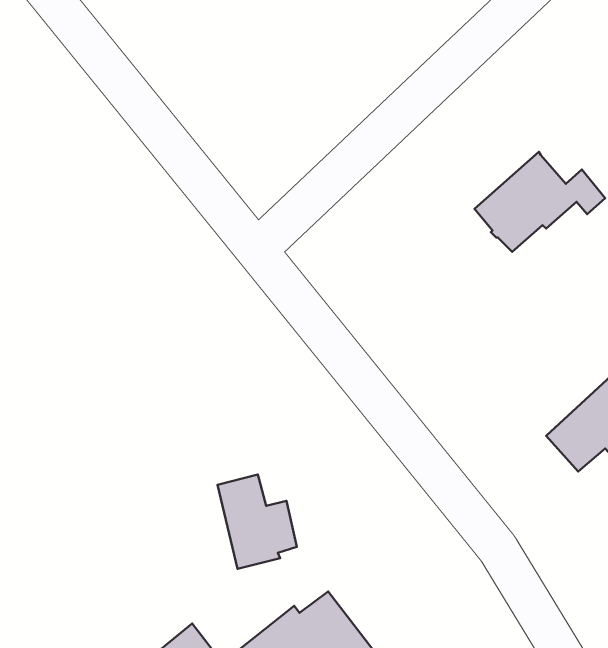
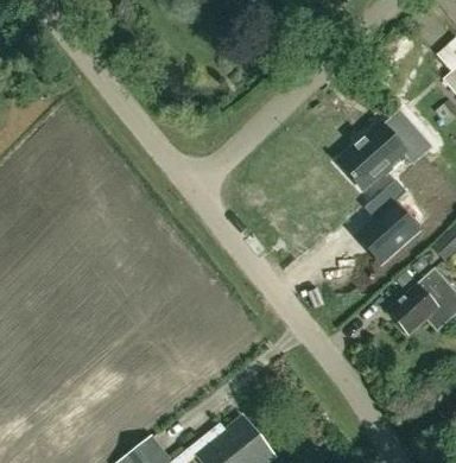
building: none -> [356,177,418,262]
building: [218,475,297,569] -> none

